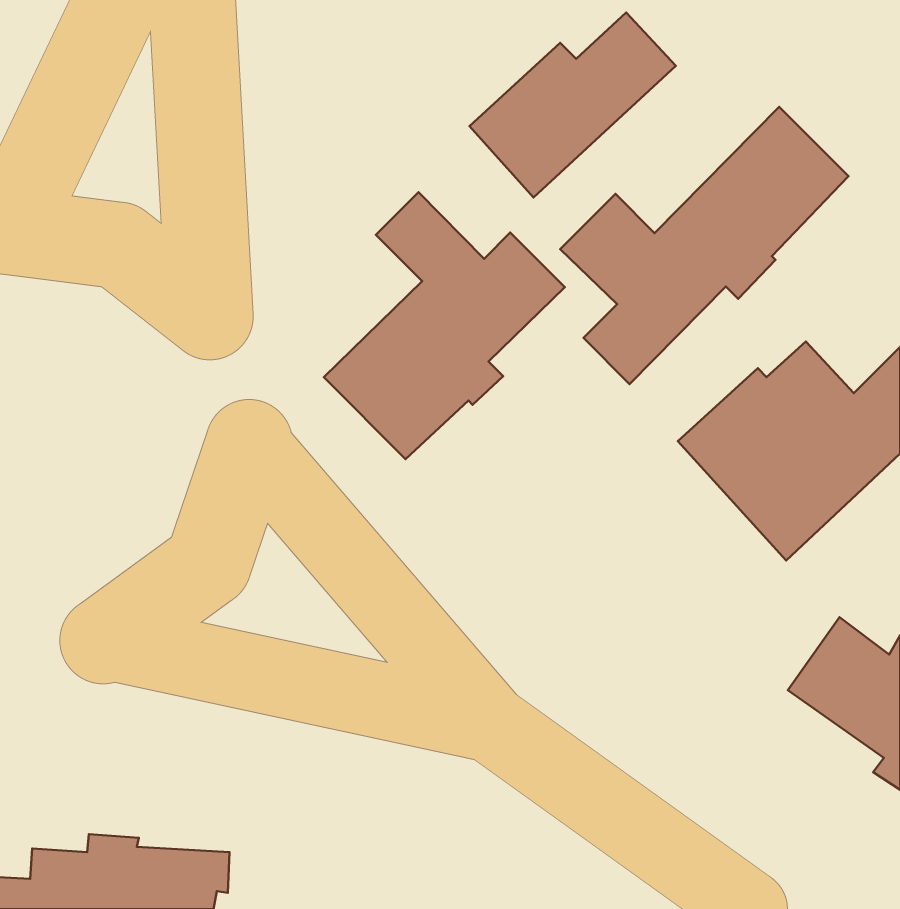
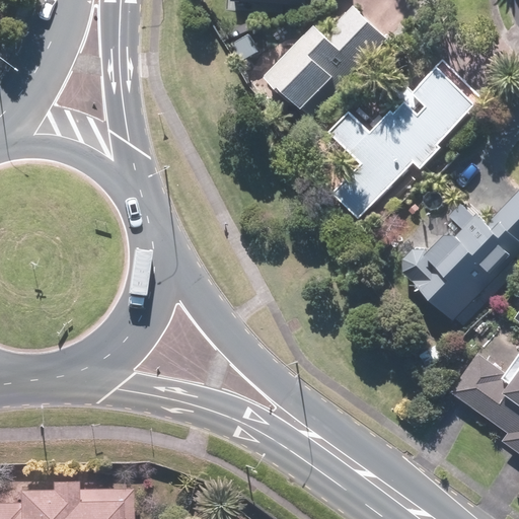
building: [324,192,565,459] -> none

